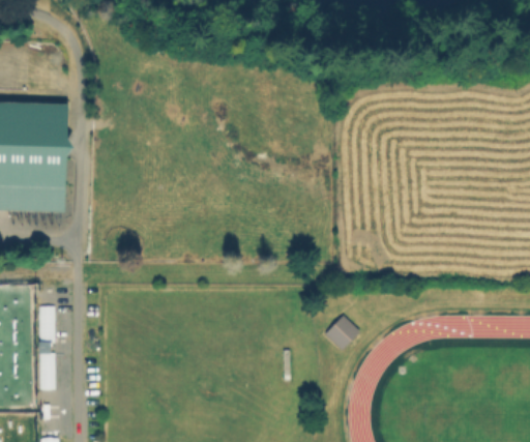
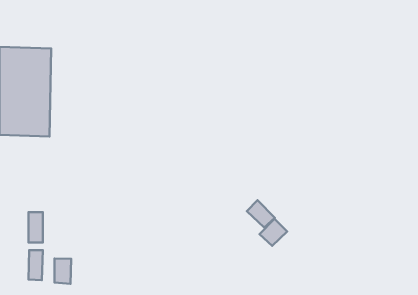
building: none -> [247,200,275,228]
building: none -> [54,259,71,284]

